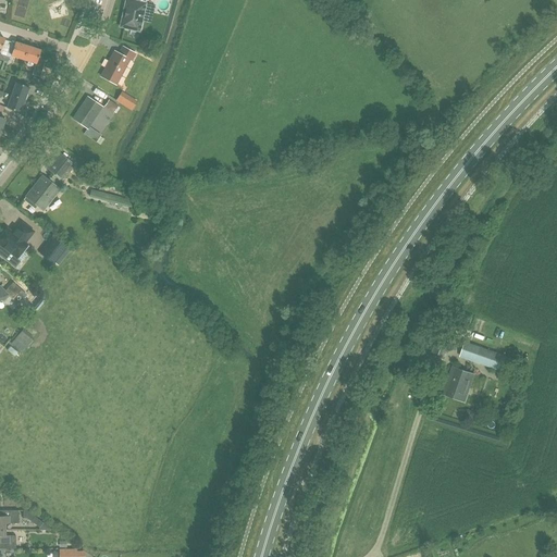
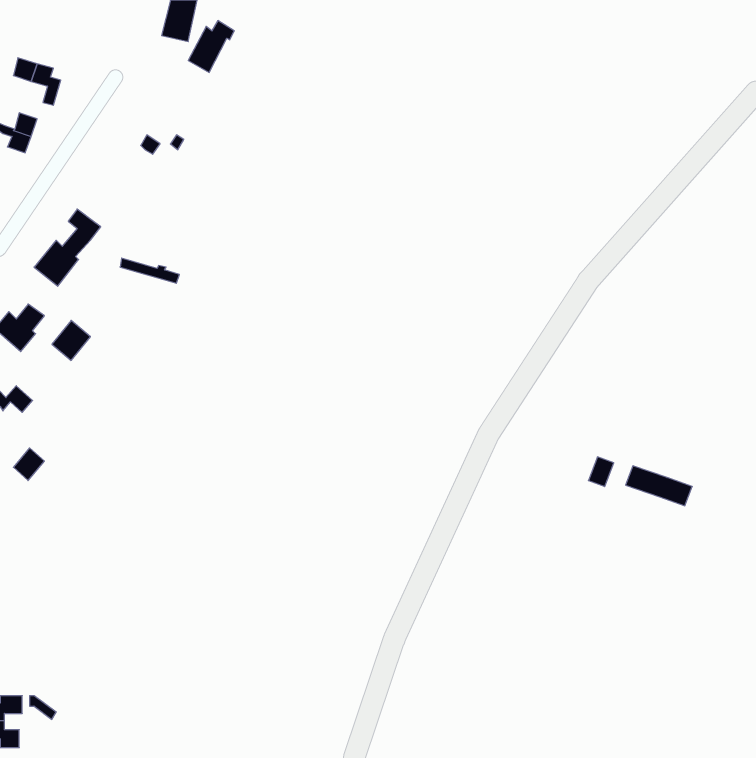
building: [100,47,134,85] -> [188,21,234,72]
building: [72,97,101,128] -> none
building: [441,367,472,404] -> none

